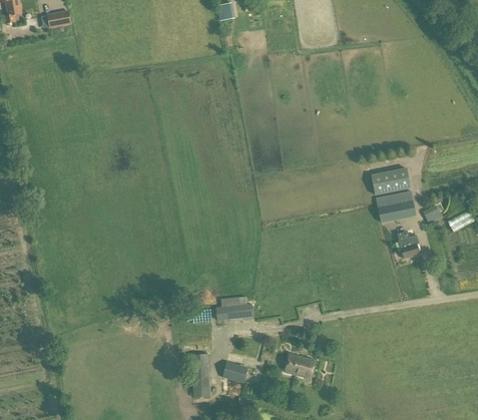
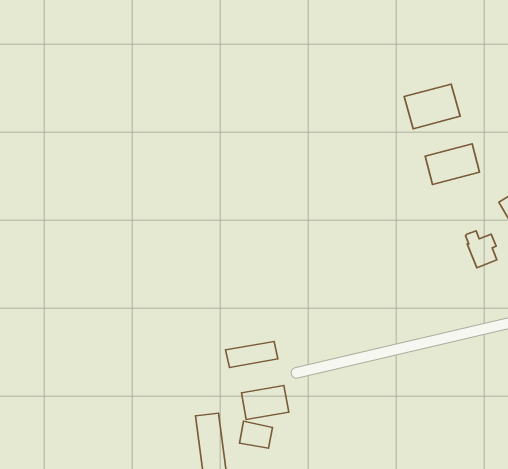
building: [376,190,416,222] -> [404,84,460,129]
building: none -> [241,386,289,420]
building: [284,352,316,378] -> none

